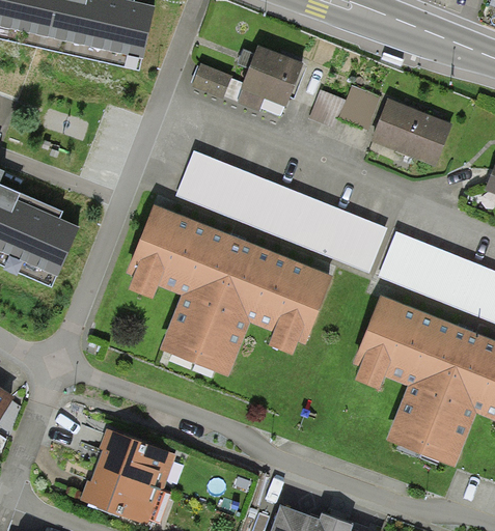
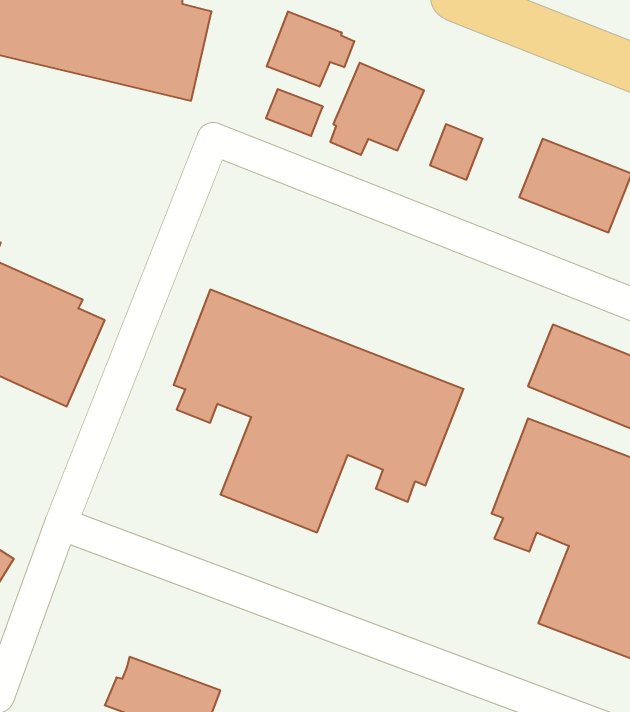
building: none -> [267,11,354,87]
building: [339,84,381,128] -> none
building: [175,150,387,271] -> none
building: [97,427,177,491] -> none

